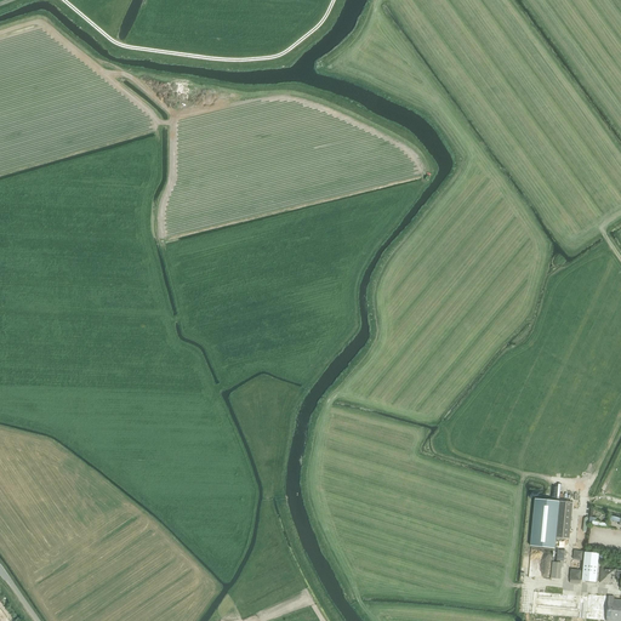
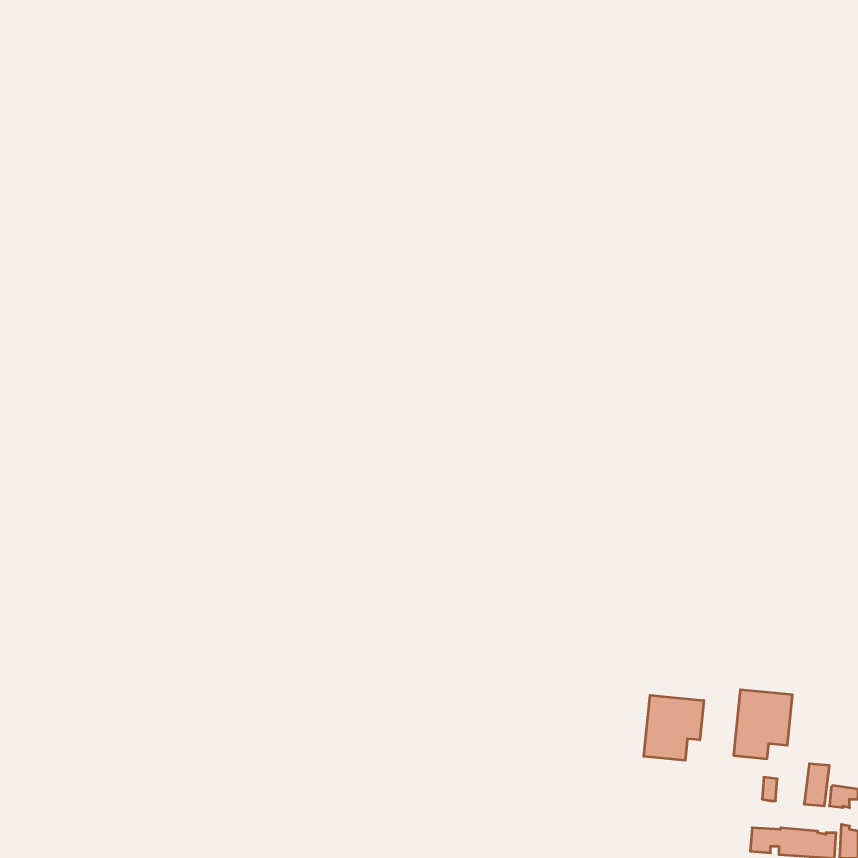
building: none -> [644,695,704,760]

